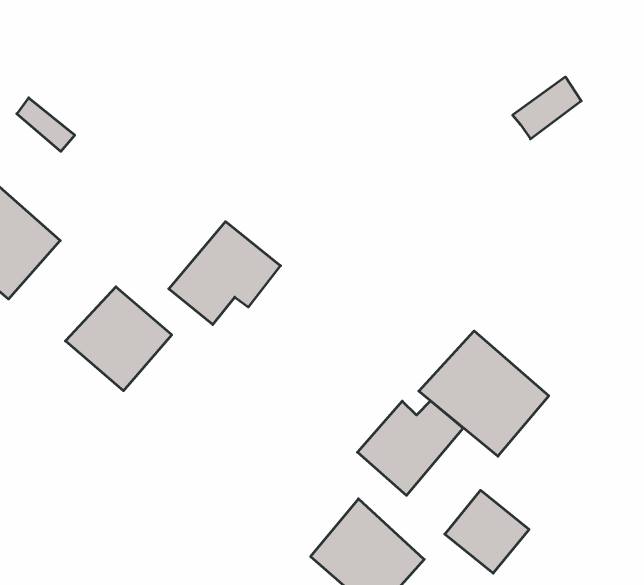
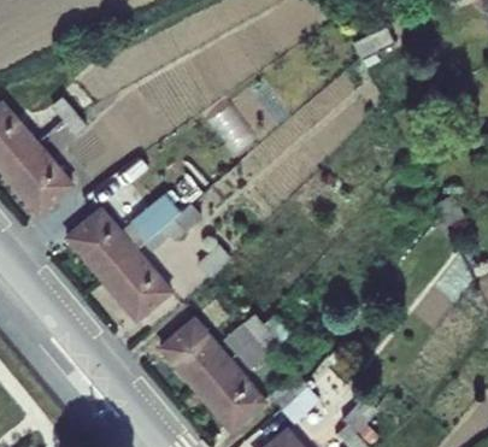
building: [419,331,549,456] -> none
building: none -> [96,247,164,318]
building: none -> [159,322,227,392]

